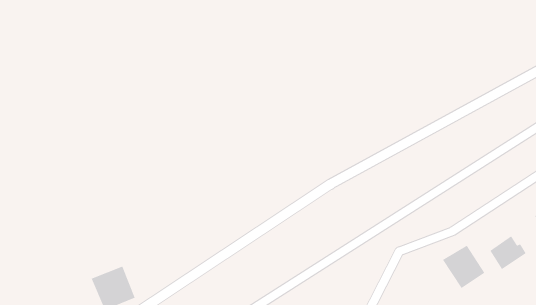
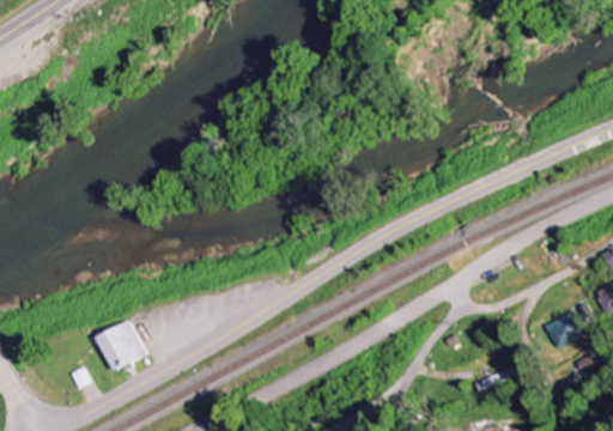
building: [442,245,485,289] -> none

